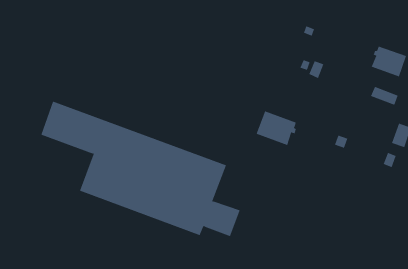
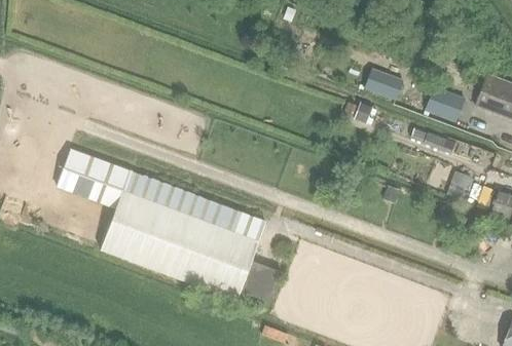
building: none -> [365,68,404,101]
building: [256,111,297,146] -> none

